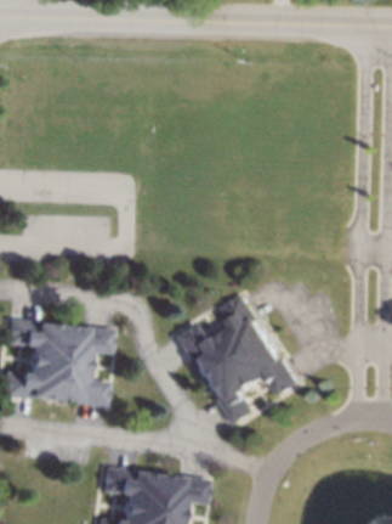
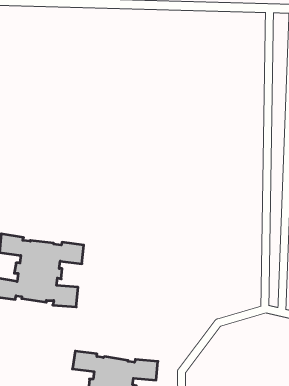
building: [177,288,299,427] -> none

